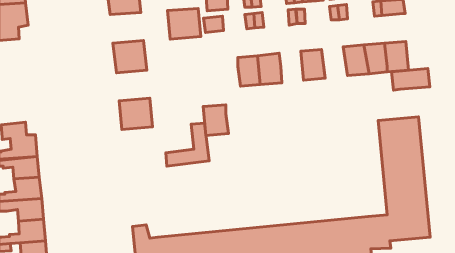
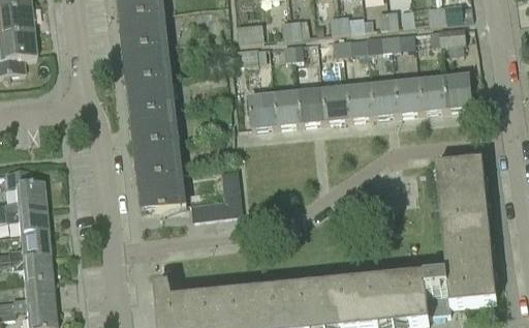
building: [168,9,201,39] -> [128,39,166,74]
building: none -> [371,79,401,115]
building: none -> [322,84,350,120]
building: [392,68,430,90] -> none
building: none -> [135,106,174,141]
building: [203,105,228,135] -> [249,91,278,126]
building: none -> [142,171,181,206]

